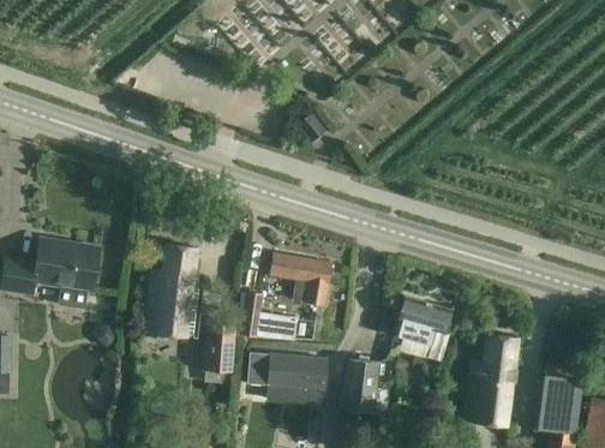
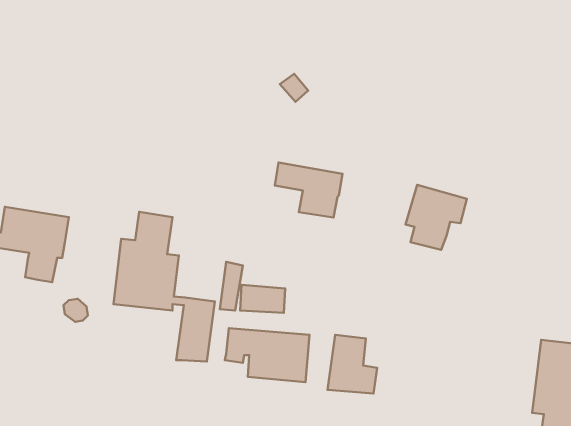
building: [269,253,333,305] -> [275,162,343,217]
building: [394,297,451,358] -> [405,185,467,250]
building: [465,334,519,428] -> none

